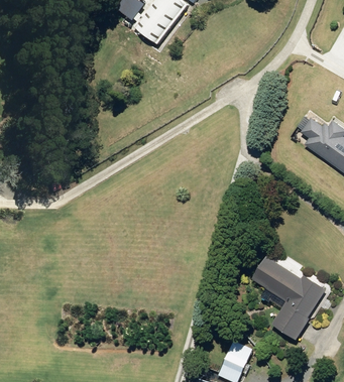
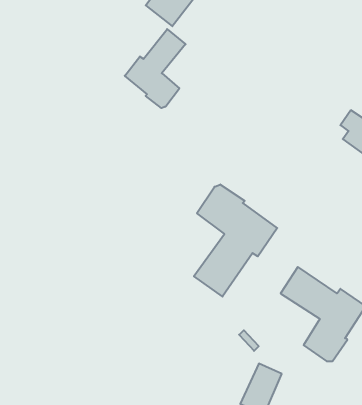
building: none -> [125,29,186,108]
building: none -> [194,184,277,297]

